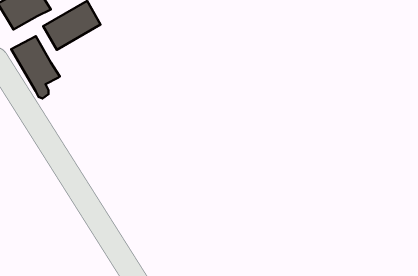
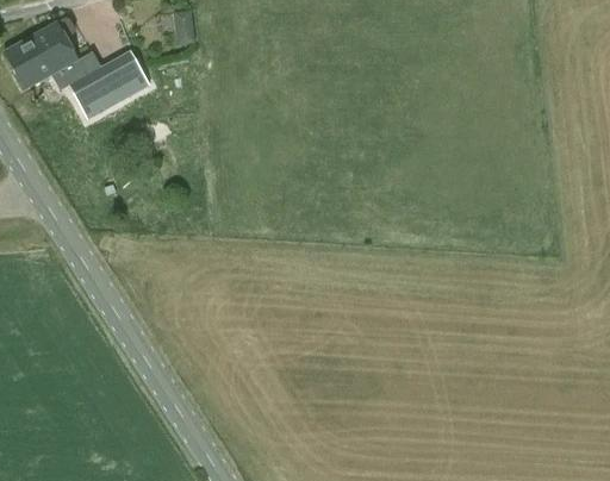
building: [11,36,60,99] -> none

